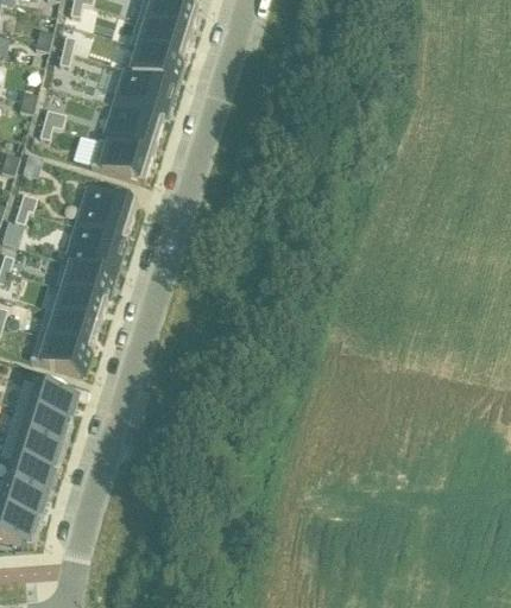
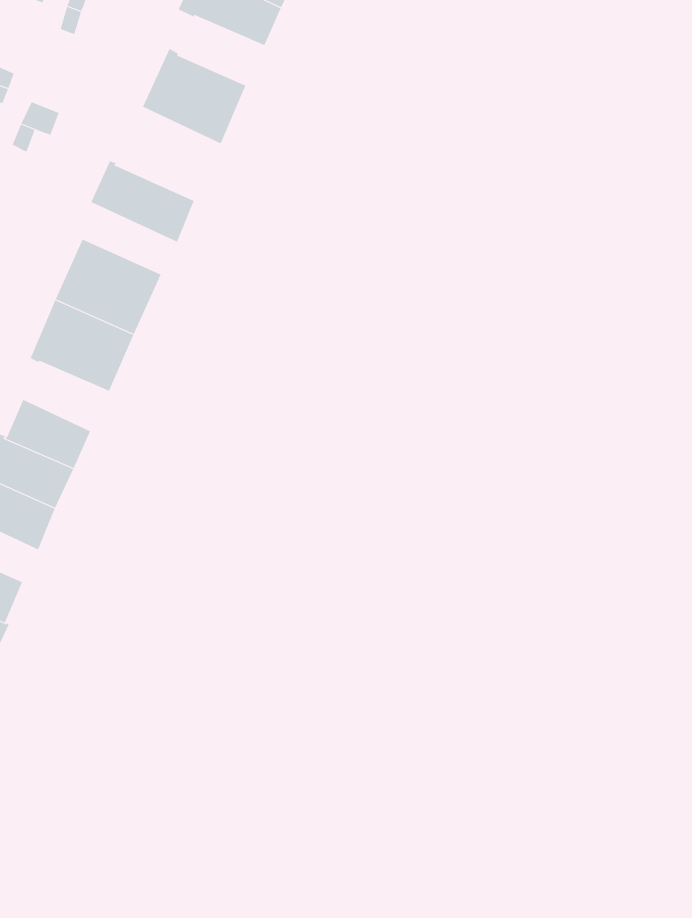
building: [132,45,183,83] -> none
building: [102,103,164,156] -> none
building: [64,262,115,300] -> none

